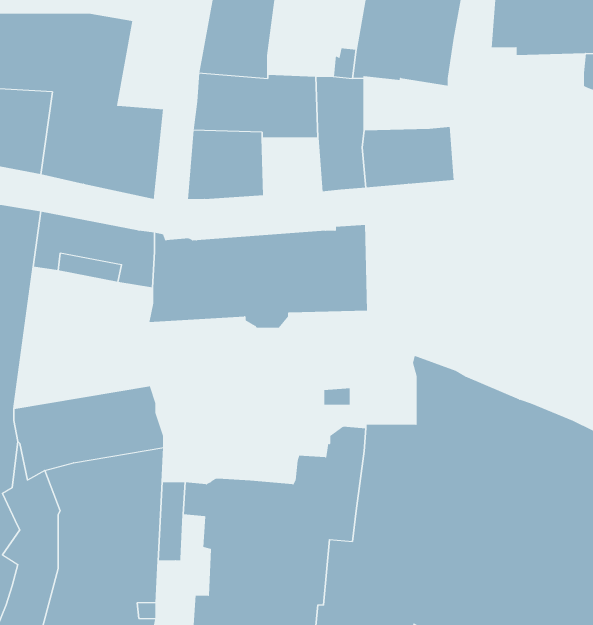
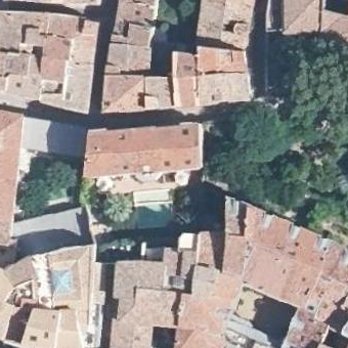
building: none -> [69,15,99,62]
building: none -> [200,45,246,74]
building: none -> [145,78,177,108]

